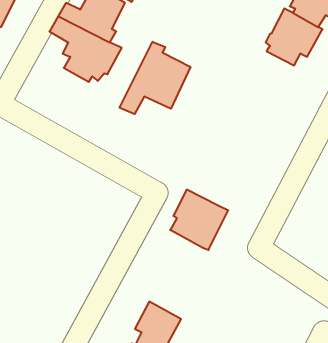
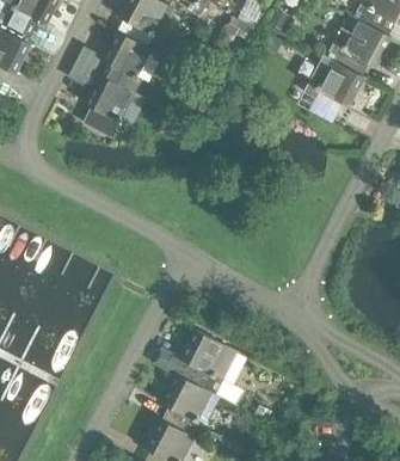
building: [120,42,190,114] -> none
building: [170,190,228,250] -> [176,328,239,394]

